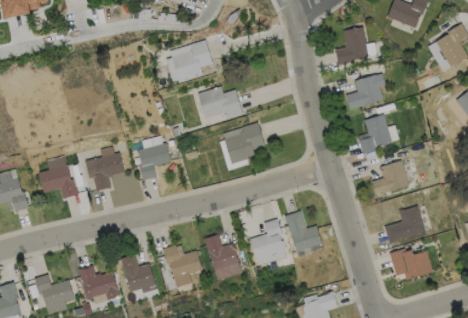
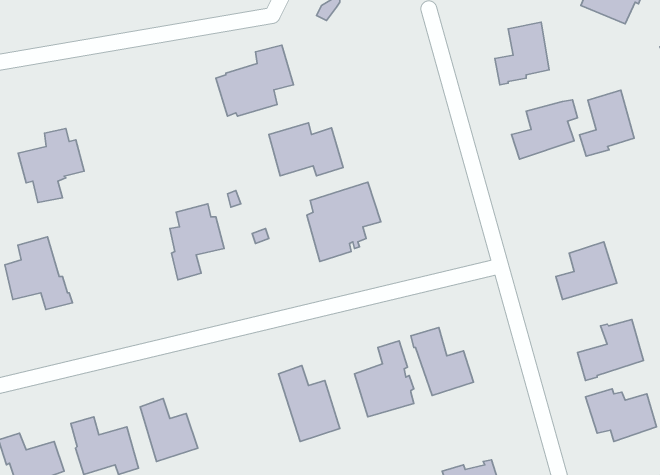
building: [359,113,392,153] -> [580,90,634,156]
building: [84,147,124,192] -> [18,128,84,203]
building: [162,245,202,287] -> none

